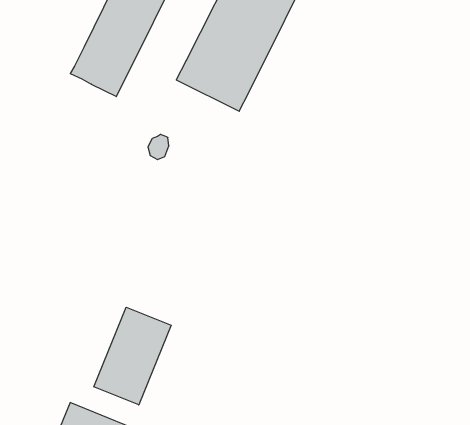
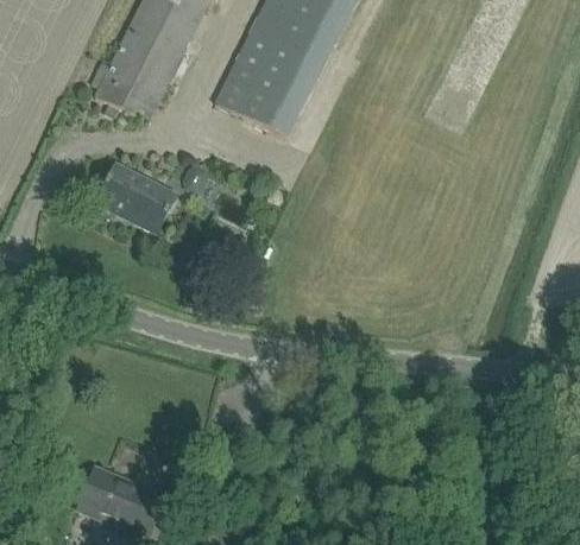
building: none -> [96,164,176,233]
building: [94,307,171,405] -> none

